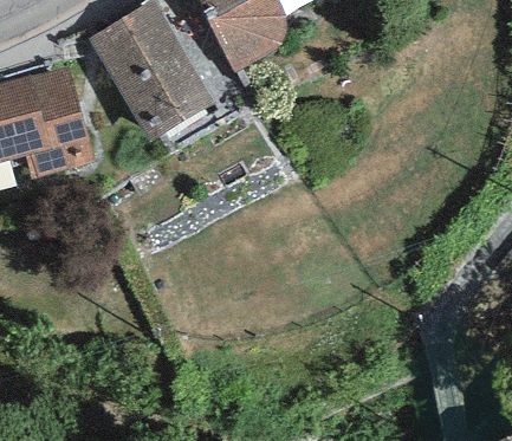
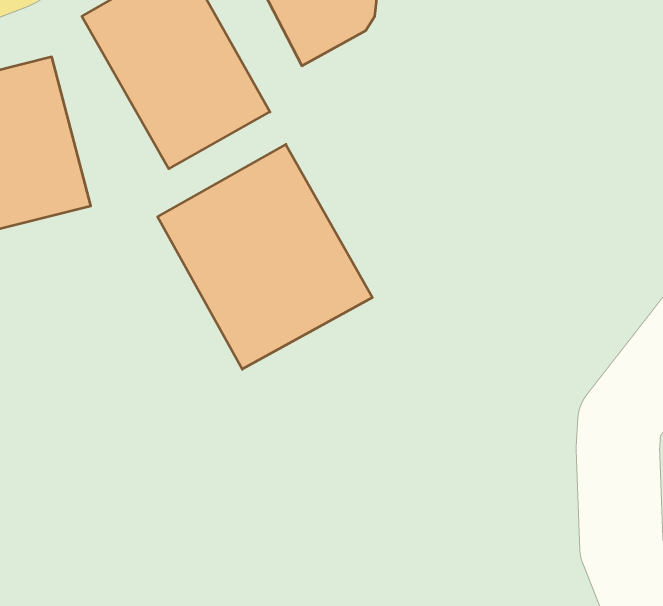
building: none -> [158,144,372,369]

